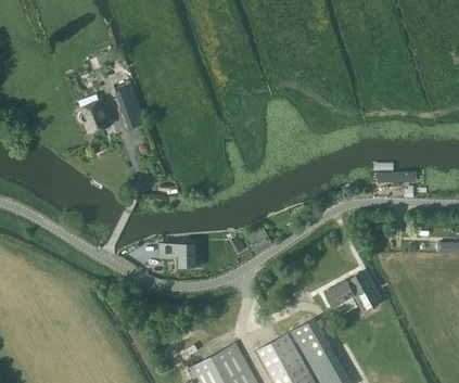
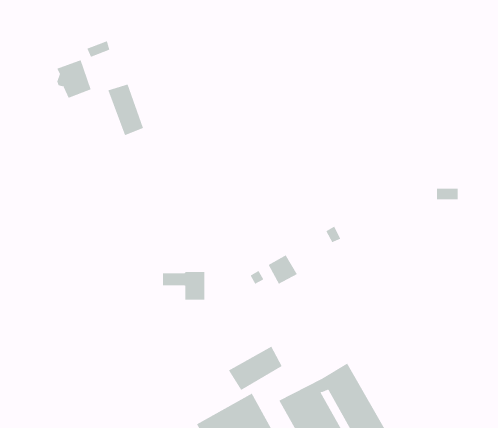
building: [80,100,110,132] -> [56,59,92,99]
building: [326,272,378,311] -> none
building: none -> [228,346,282,391]

